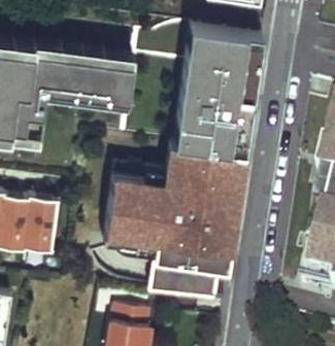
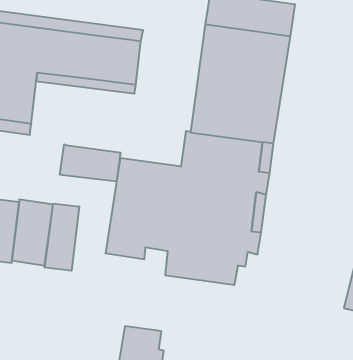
building: none -> [60,144,121,182]
building: none -> [45,204,79,271]
building: [145,241,229,299] -> none

